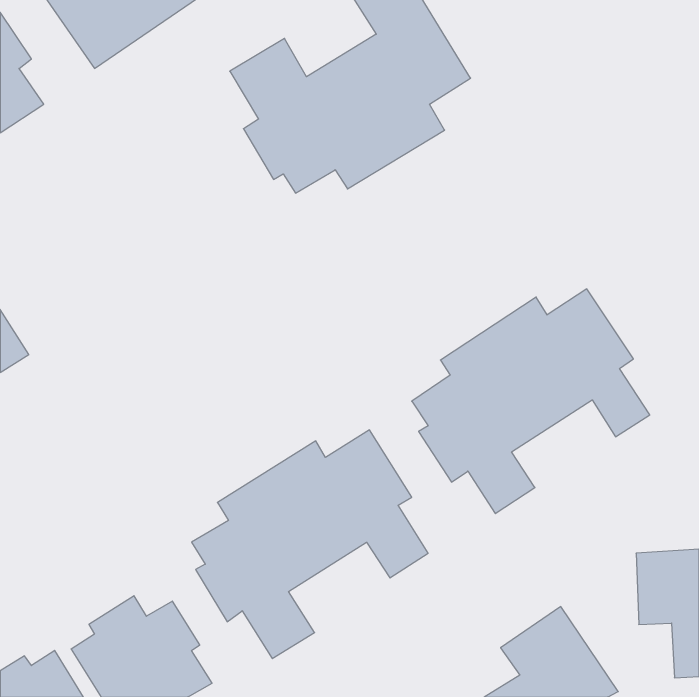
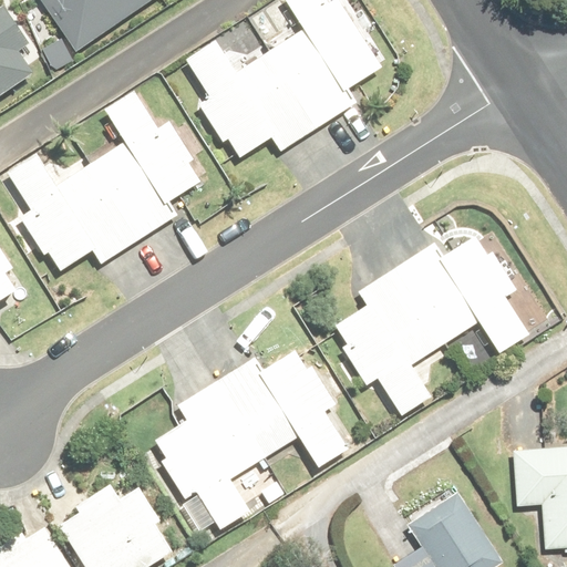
building: none -> [4,91,202,270]

